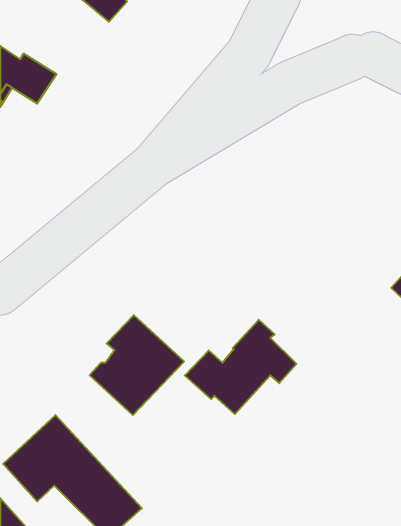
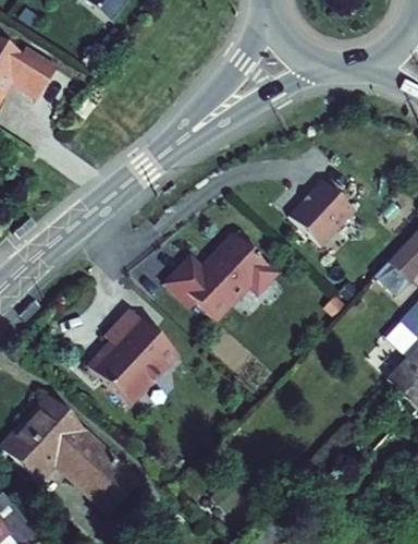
building: none -> [288,176,355,242]
building: [185,320,296,414] -> [167,225,273,315]

